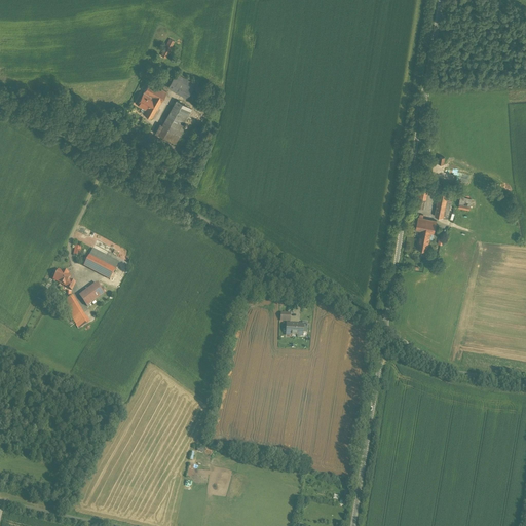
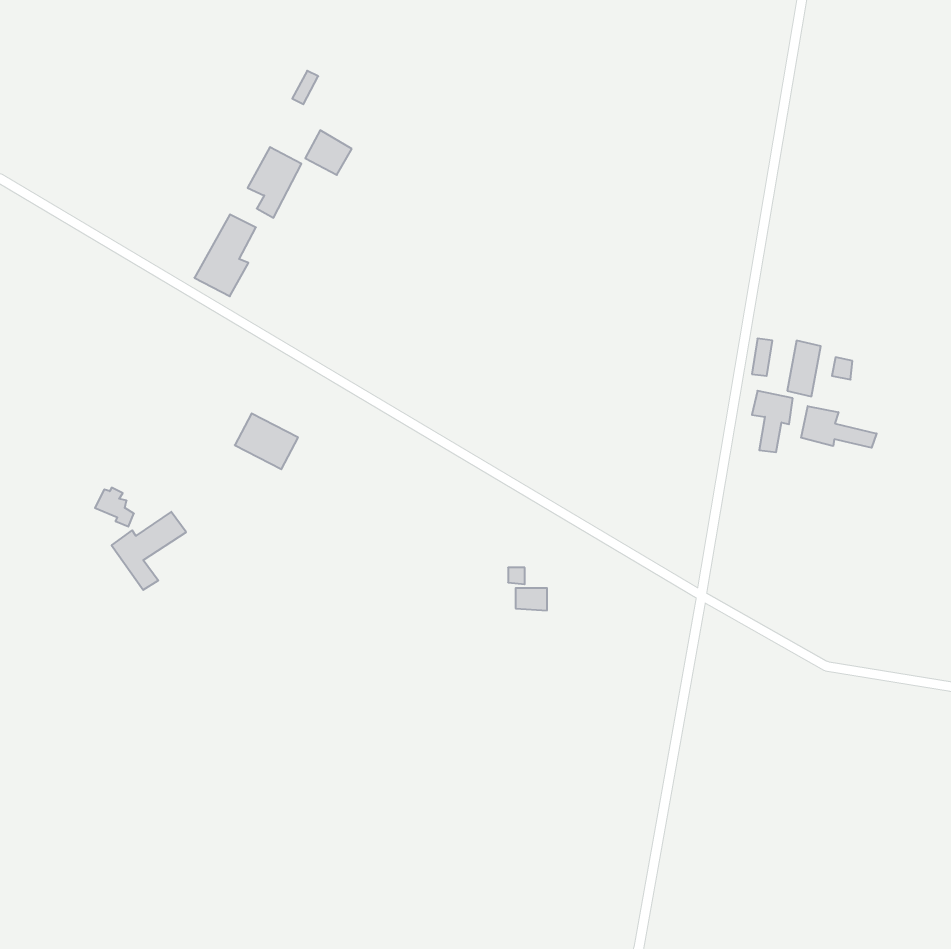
building: [157,101,191,146] -> [194,214,256,296]
building: none -> [801,406,877,448]
building: [84,249,119,279] -> [235,413,298,469]

